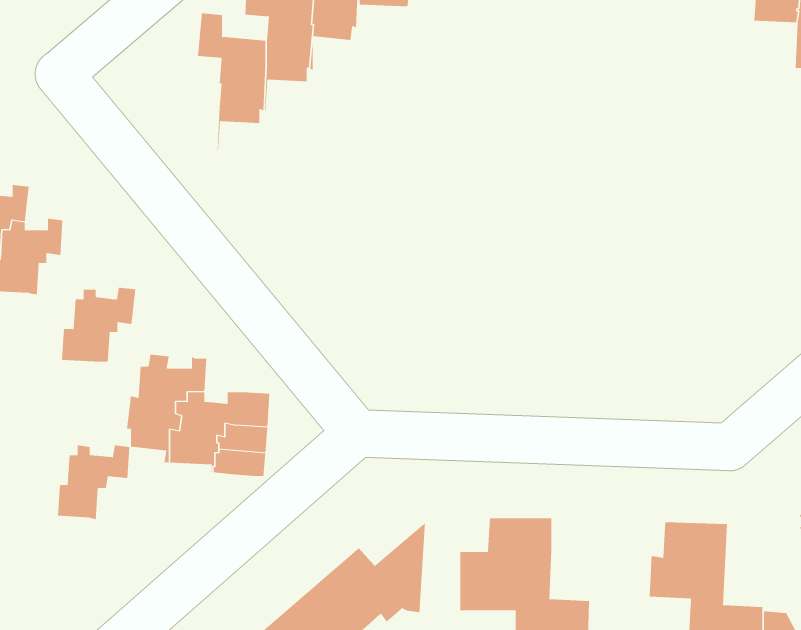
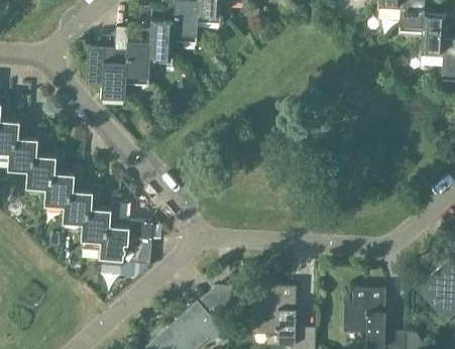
building: none -> [88,49,126,99]
building: none -> [26,151,65,190]
building: [57,445,130,520] -> [64,187,101,225]

